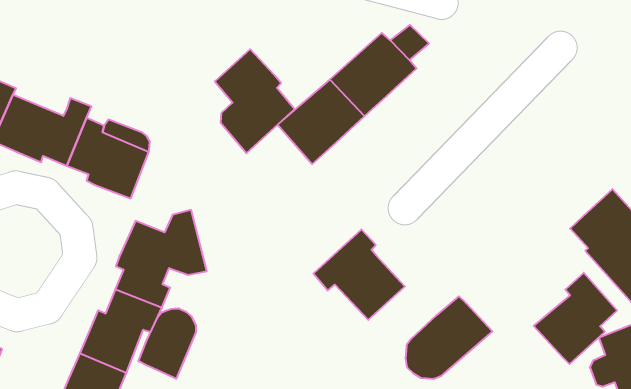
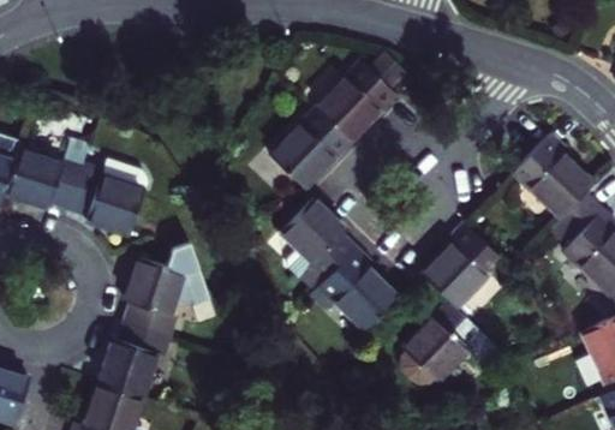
building: [215,49,295,153] -> [277,196,353,292]
building: none -> [514,132,589,219]
building: [534,273,617,364] -> [419,222,495,307]
building: [138,308,196,379] -> none

